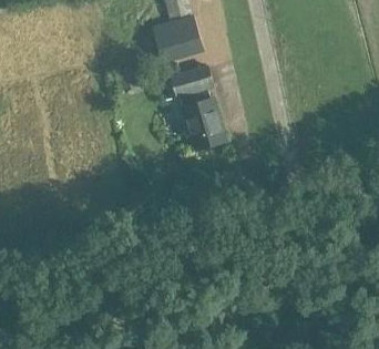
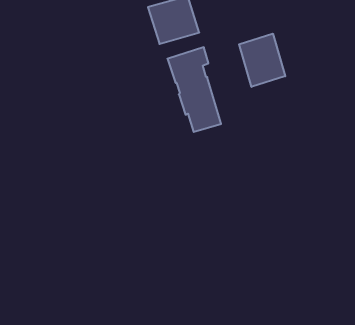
building: none -> [239,34,285,87]

